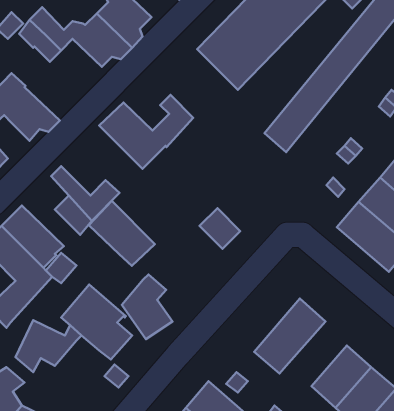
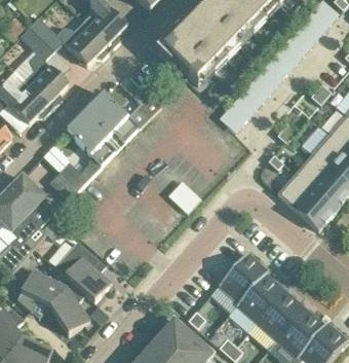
building: none -> [25,52,69,107]
building: [89,201,155,266] -> [67,111,120,164]
building: [122,274,173,339] -> [49,281,90,333]
building: none -> [236,269,285,322]

